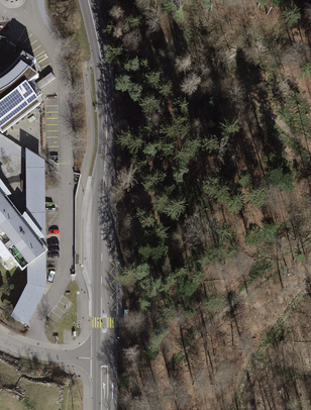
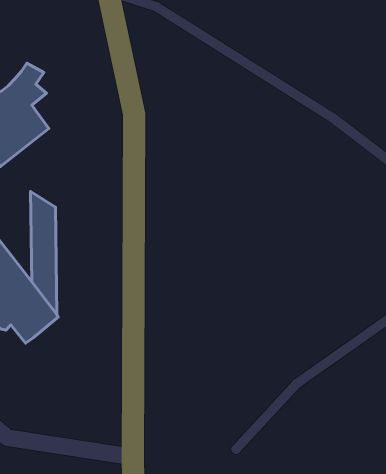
building: [10,247,46,321] -> none

